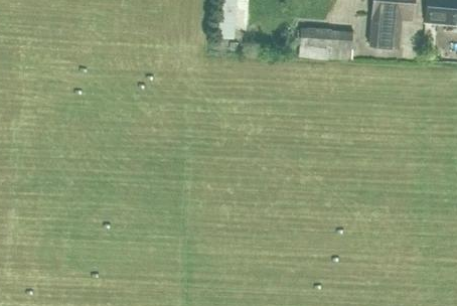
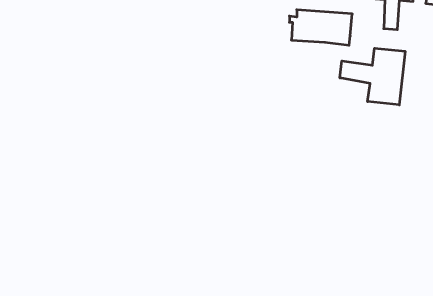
building: none -> [340,48,405,105]

